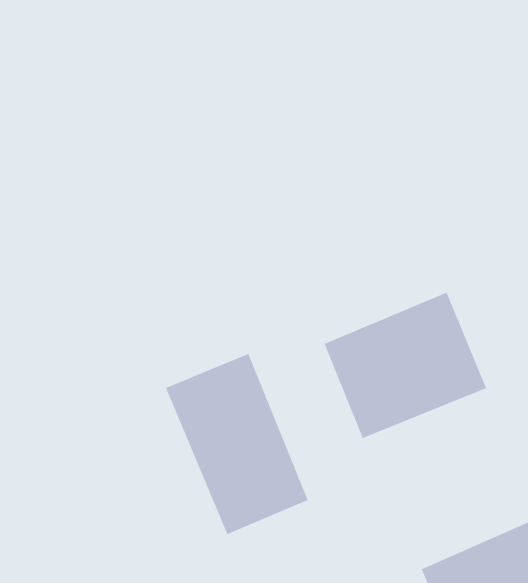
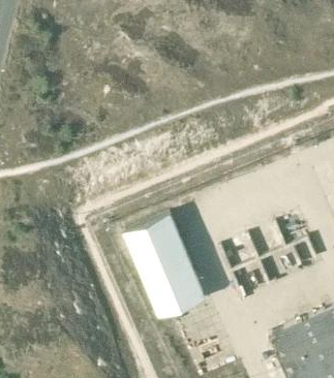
building: [324,292,487,439] -> none

